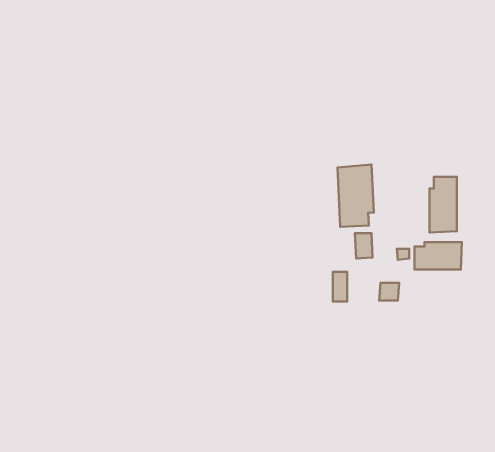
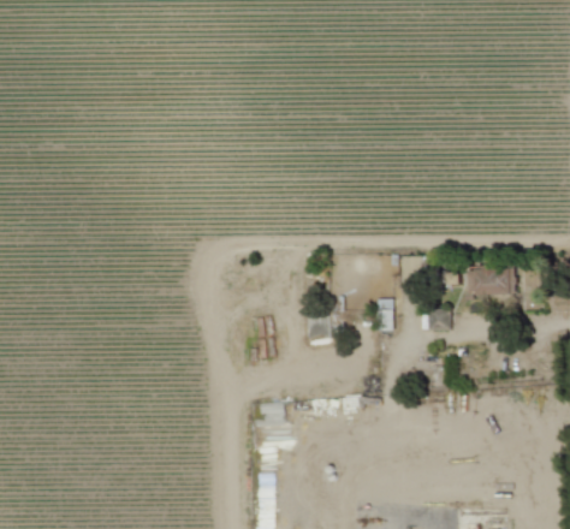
building: [338,164,374,227] -> none
building: [430,177,457,232] -> none

